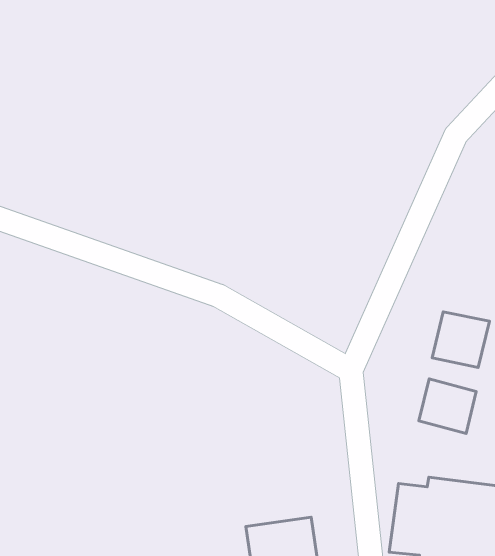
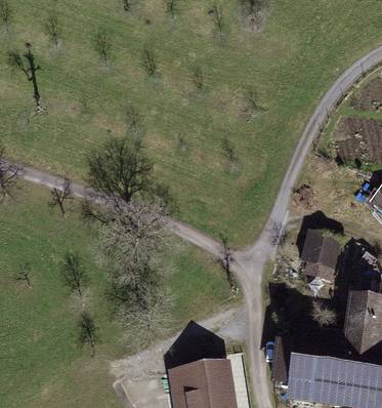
building: [419,379,476,434] -> none

